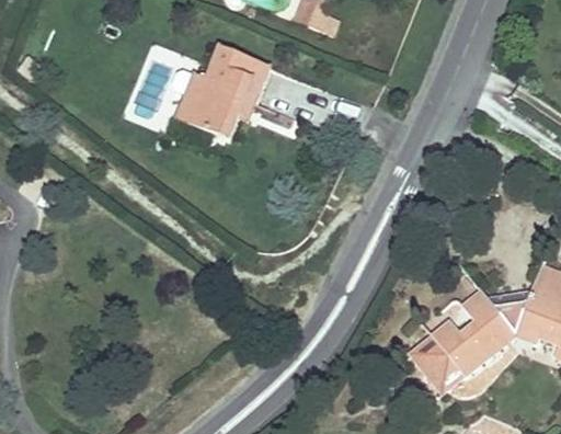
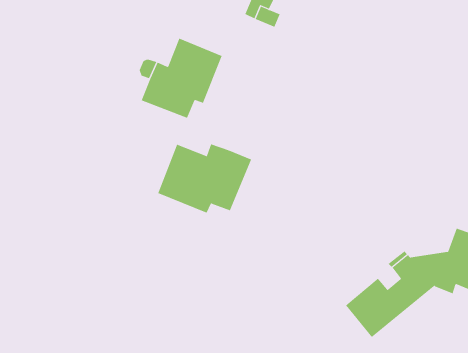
building: none -> [158,143,252,213]

